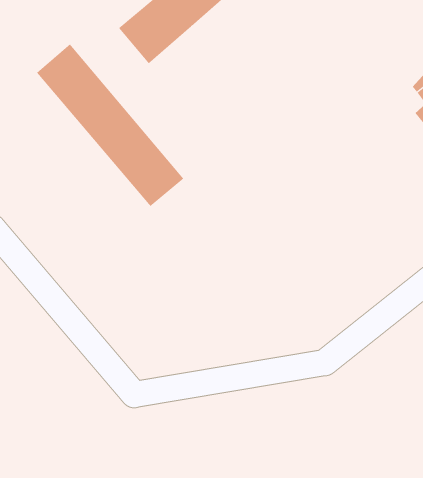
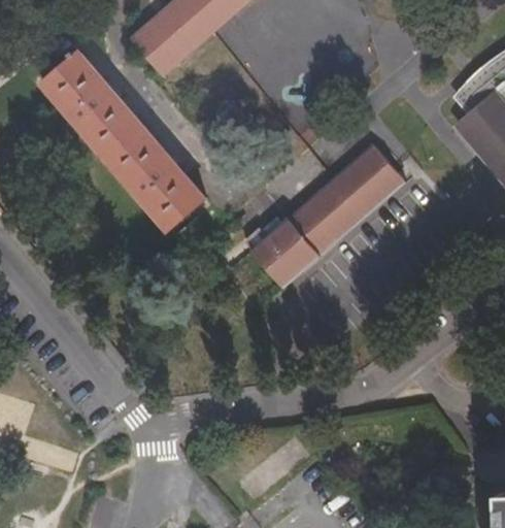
building: none -> [245,144,404,287]

